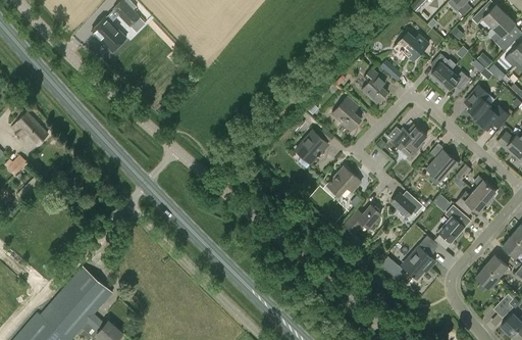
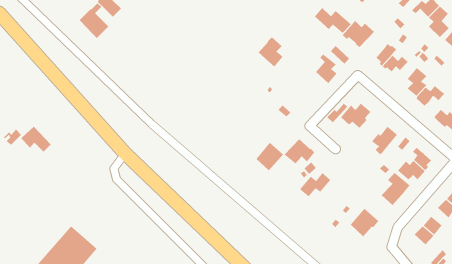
building: none -> [314,7,352,34]
building: [331,96,361,132] -> [258,36,284,68]
building: [11,113,47,144] -> [20,126,52,152]
building: [296,131,328,164] -> [255,142,284,171]
building: [393,193,423,217] -> none

